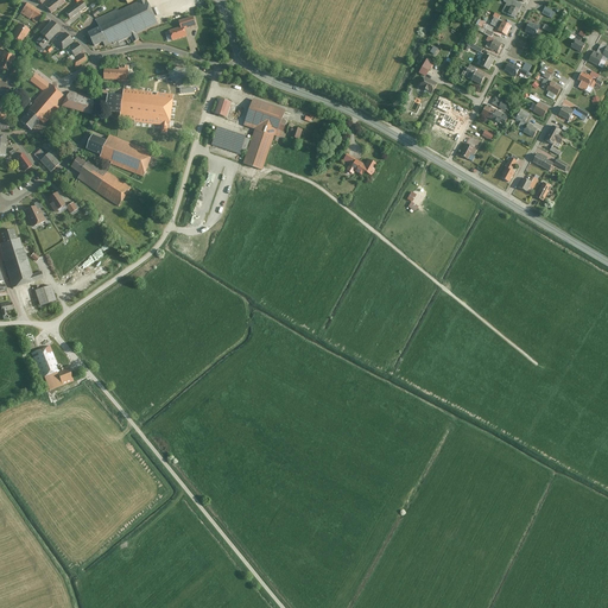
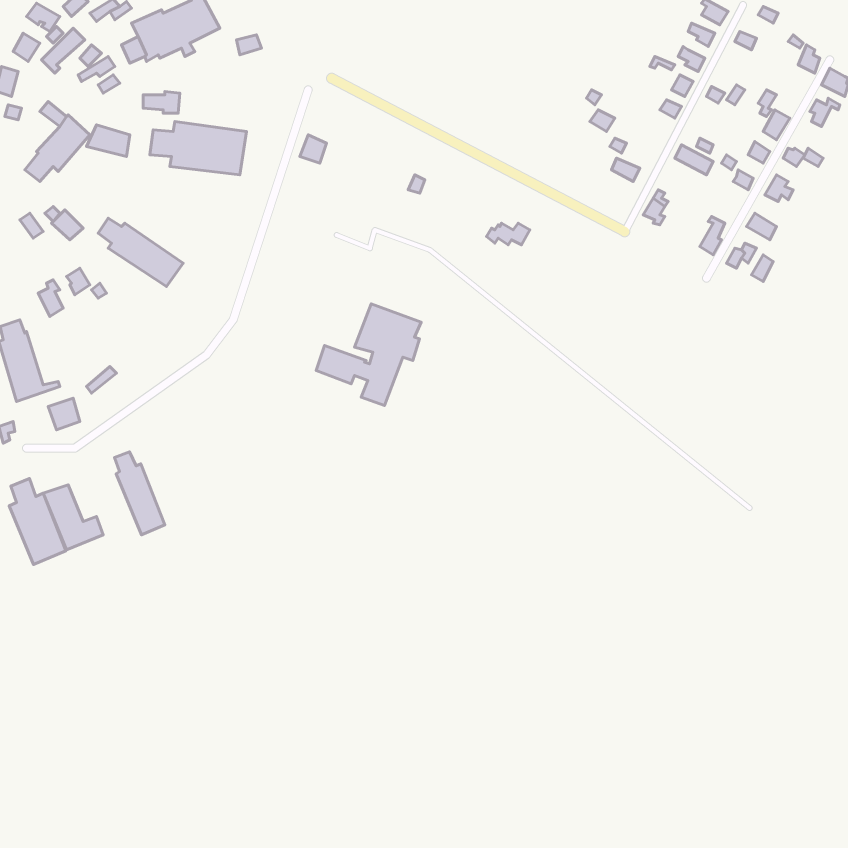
building: [213,95,287,167] -> [316,304,421,405]
building: [87,133,154,177] -> none
building: none -> [115,452,165,535]
building: none -> [9,478,66,565]

